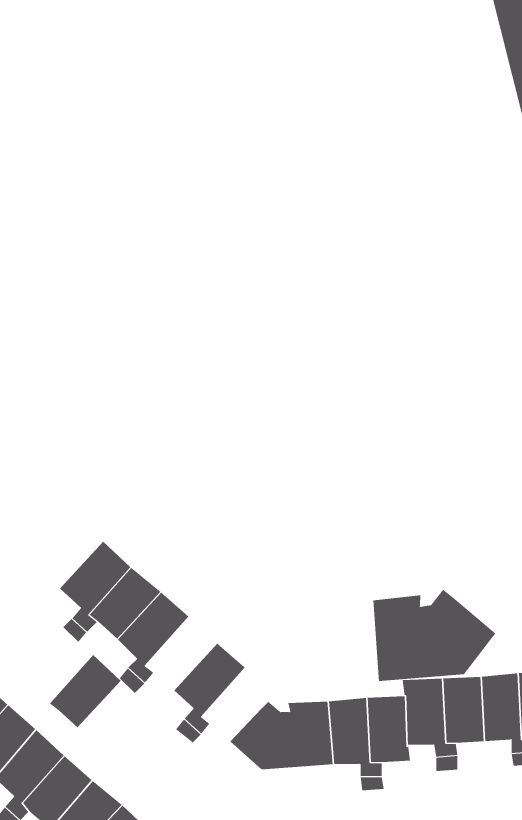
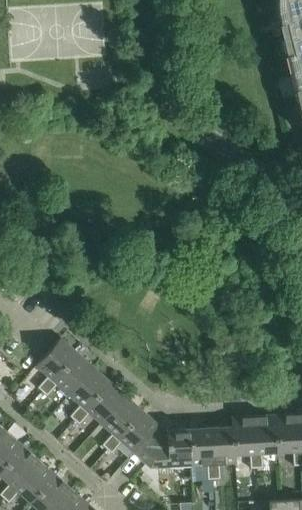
building: [373,589,496,682] -> none
building: [49,654,121,728] -> [86,382,127,424]
building: none -> [118,411,160,453]

